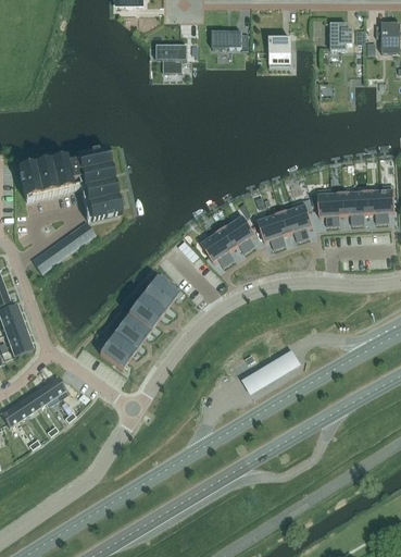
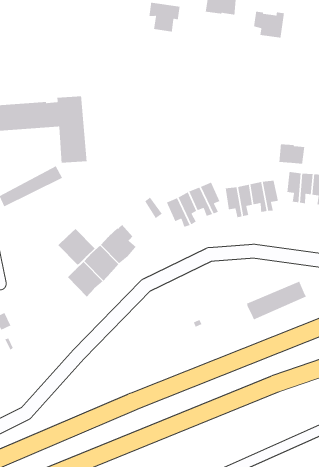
building: none -> [279,143,305,164]
building: [99,332,137,369] -> [58,228,95,266]
building: [241,348,301,395] -> [246,280,307,321]

